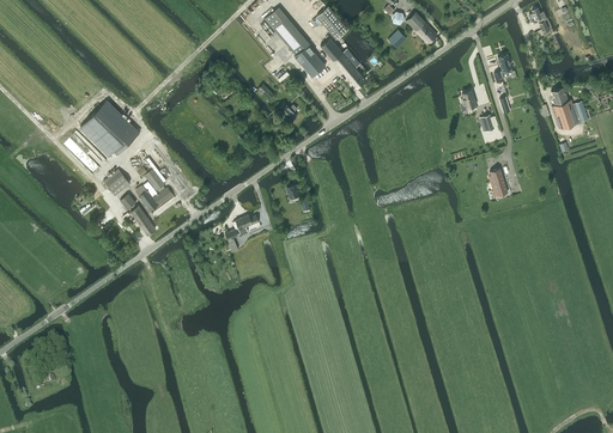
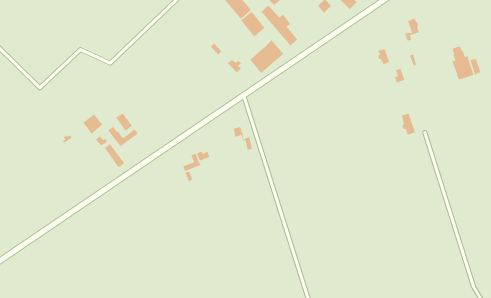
building: none -> [249,39,284,74]
building: [80,100,139,155] -> none

